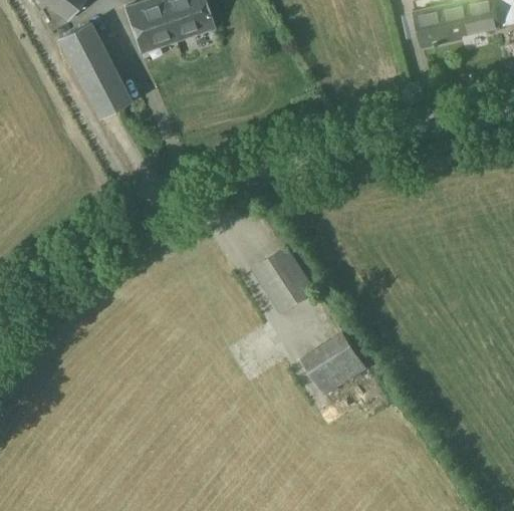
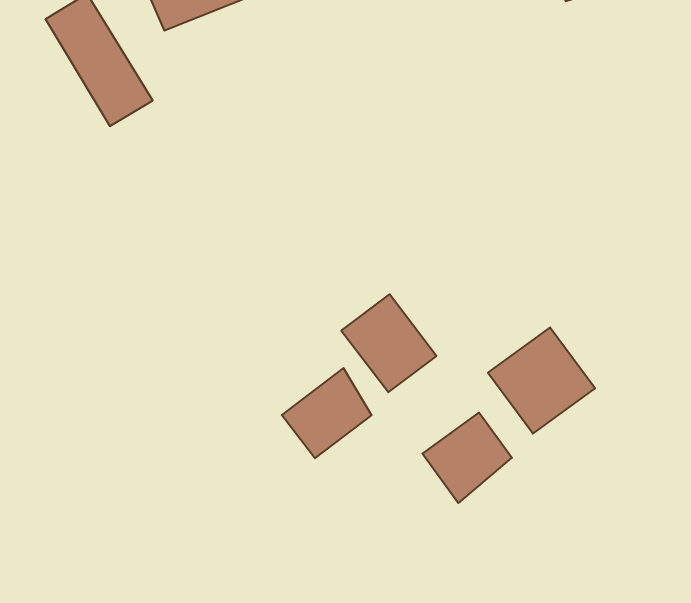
building: none -> [488,327,595,434]
building: none -> [282,368,372,458]

